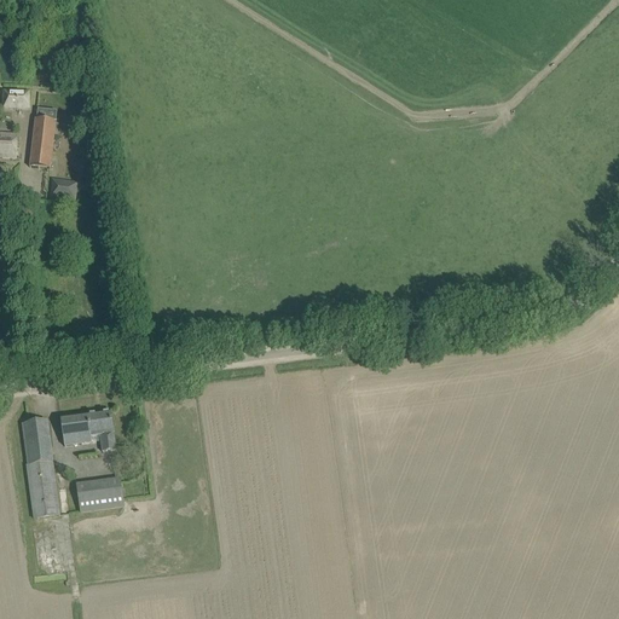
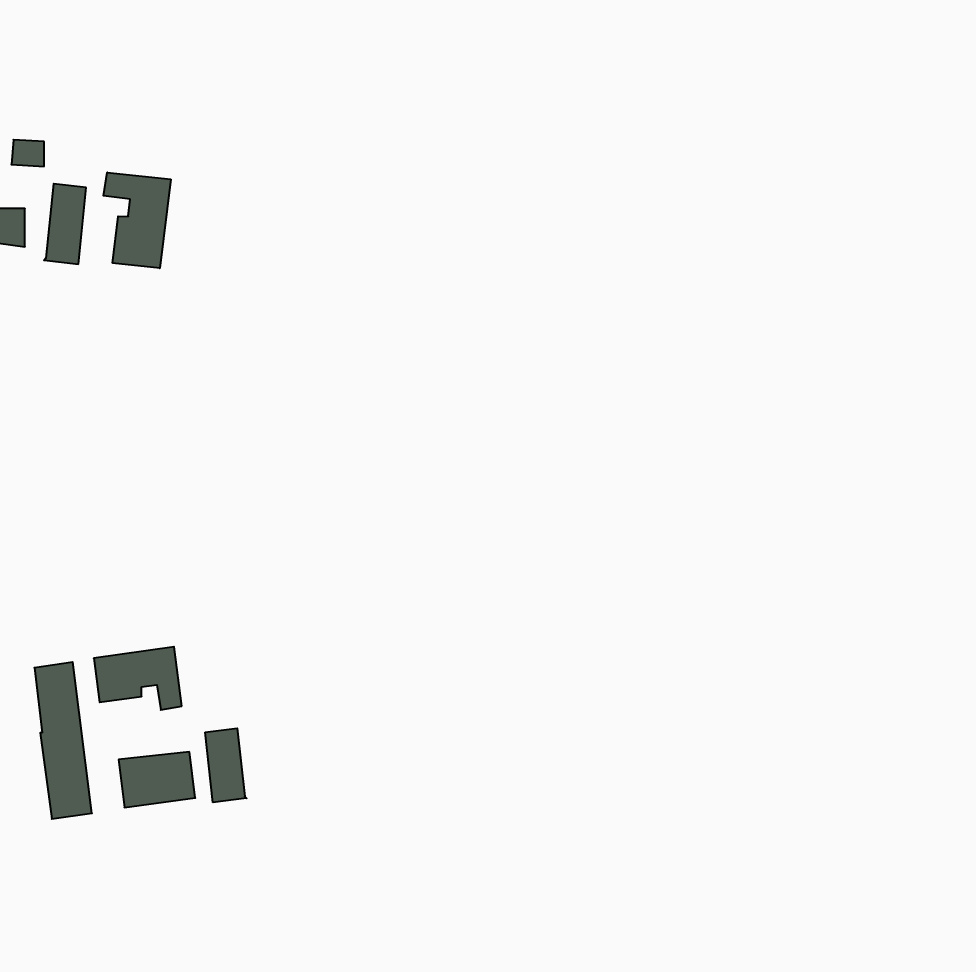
building: none -> [103,172,171,268]
building: none -> [205,728,247,802]

